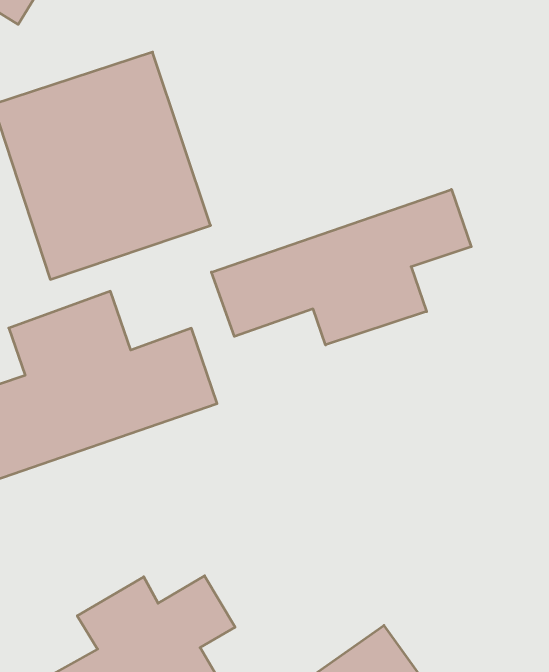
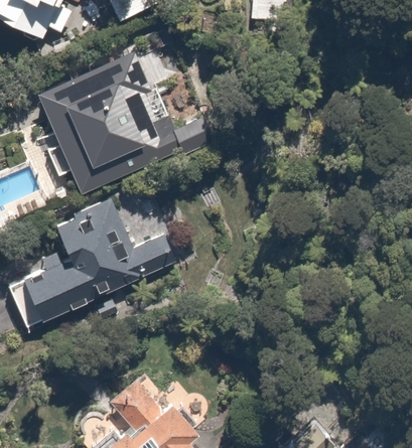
building: [211,189,471,345] -> none

